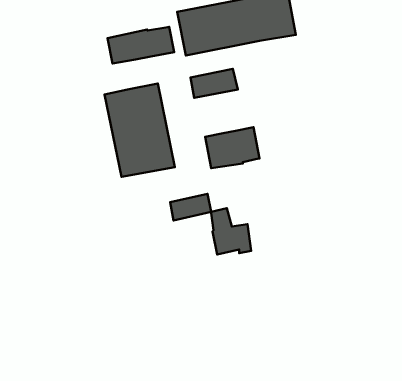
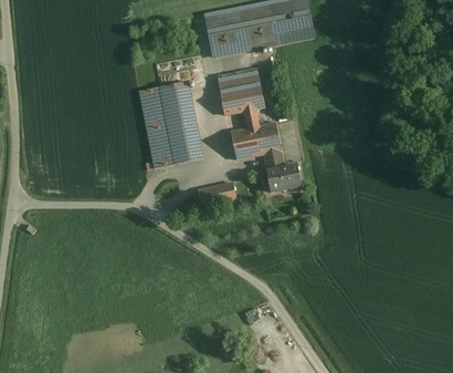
building: [108,27,174,64] -> none
building: none -> [220,86,263,126]
building: [211,208,251,254] -> [264,149,301,191]

